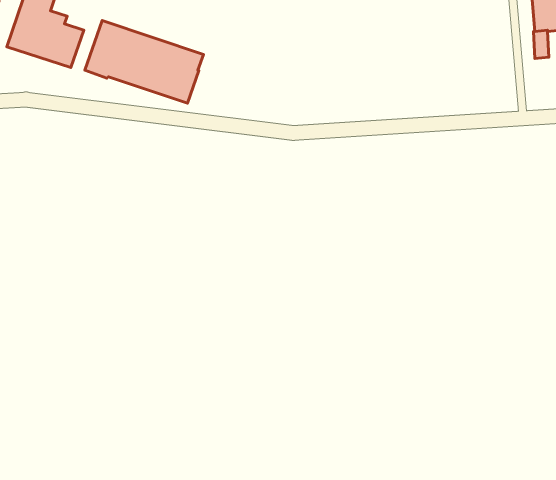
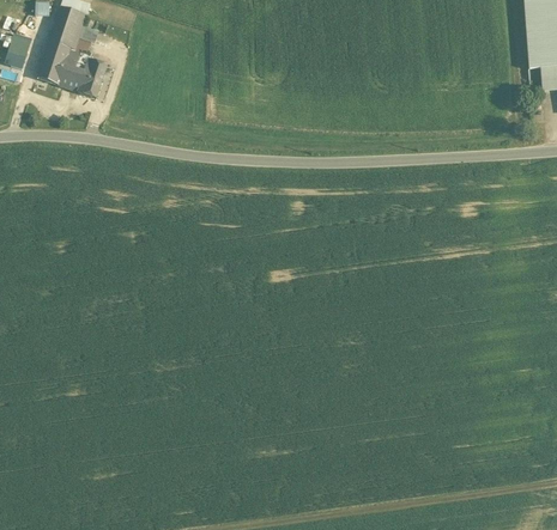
building: [85,20,203,103] -> none

